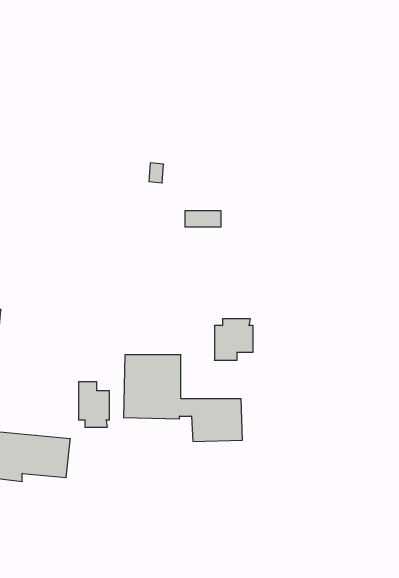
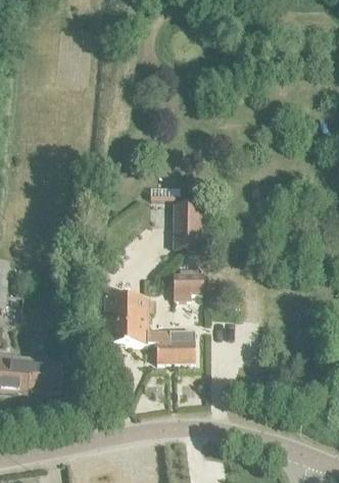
building: none -> [174,203,198,248]
building: [79,382,109,427] -> none

